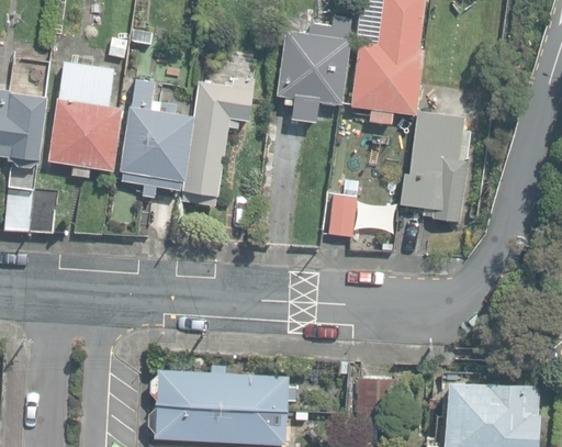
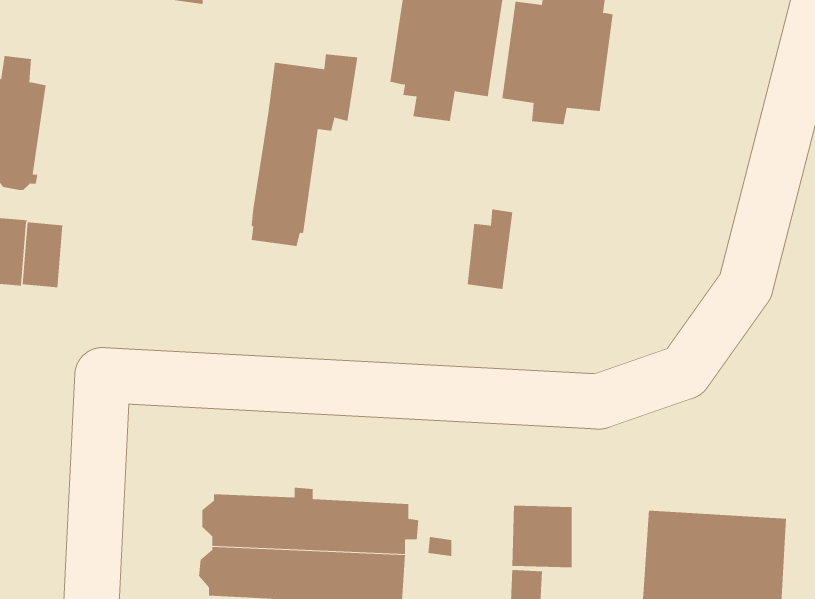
building: [49,62,123,177] -> none
building: [121,79,194,195] -> none
building: [400,111,472,221] -> none

